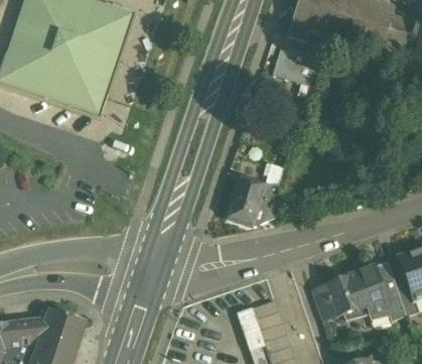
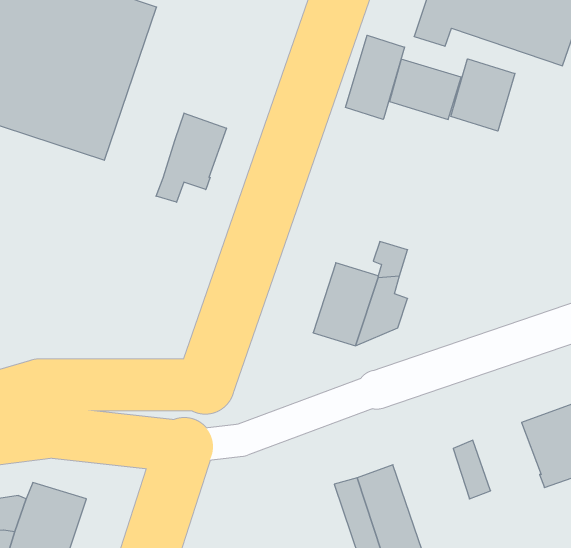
building: none -> [346,35,405,119]
building: none -> [451,59,515,131]
building: none -> [156,113,226,202]
building: [323,272,366,316] -> none

